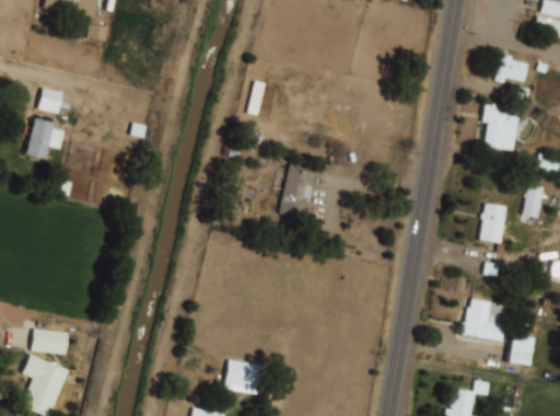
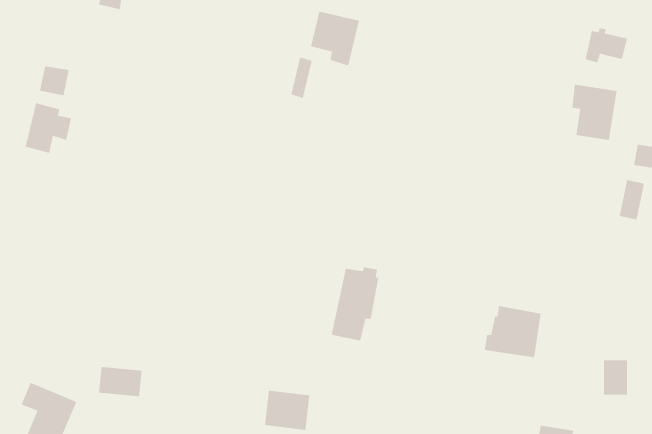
building: none -> [310,11,360,66]
building: [278,159,318,221] -> [331,267,379,341]
building: [480,204,509,242] -> none
building: [460,299,509,343] -> [484,306,541,358]
building: [31,328,68,354] -> [98,367,143,397]

